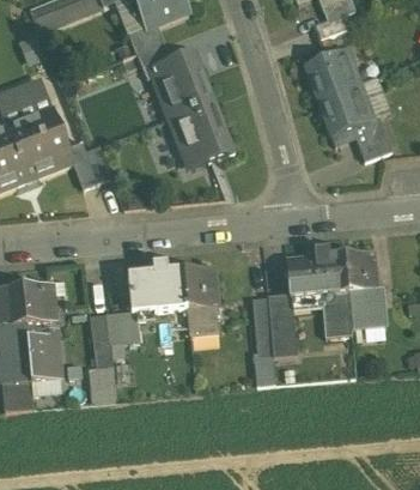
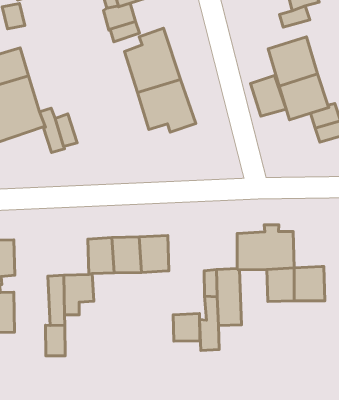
building: none -> [251,75,286,116]
building: [345,250,377,291] -> none
building: [188,303,218,334] -> [173,313,200,341]

